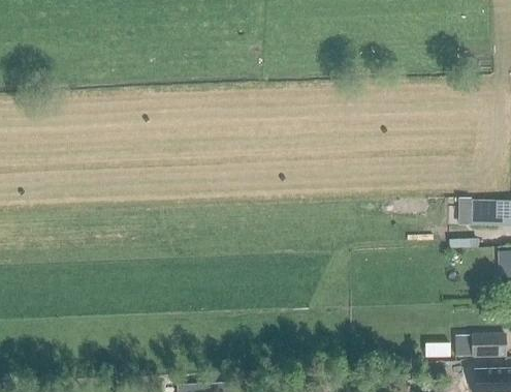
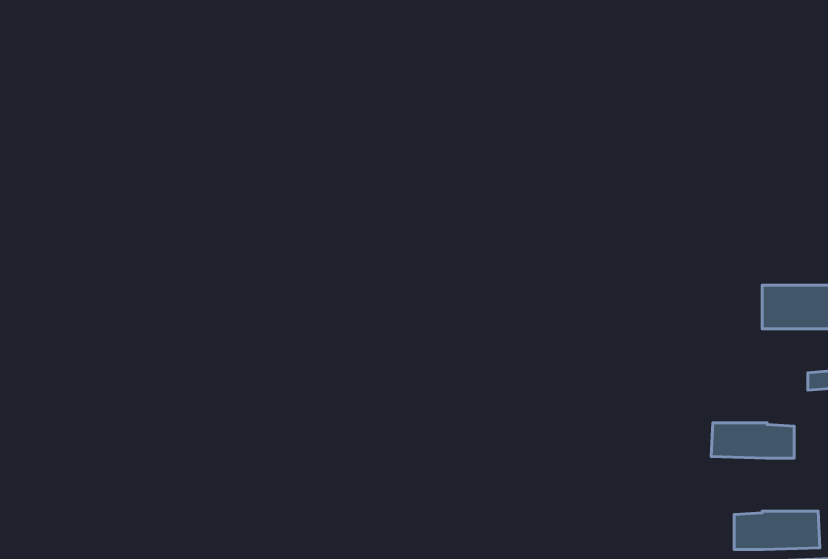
building: none -> [711,423,794,458]

